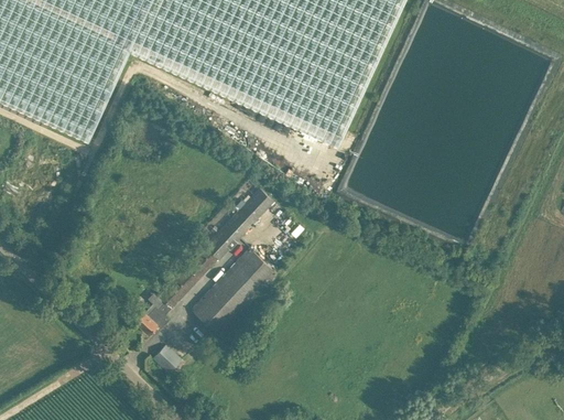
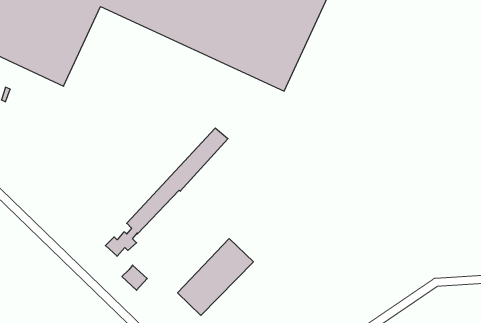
building: [191,247,276,334] -> [178,239,253,315]

